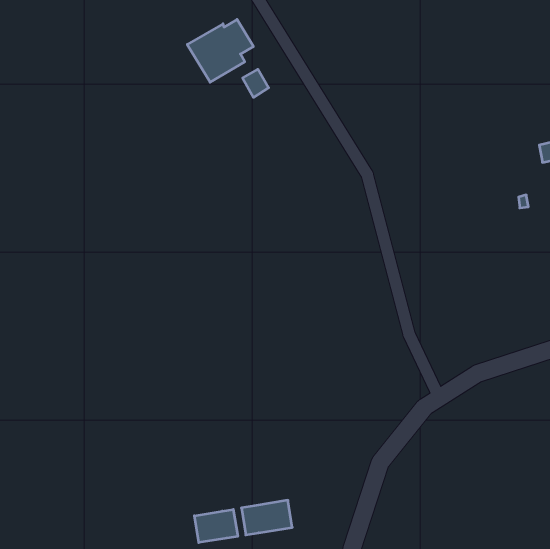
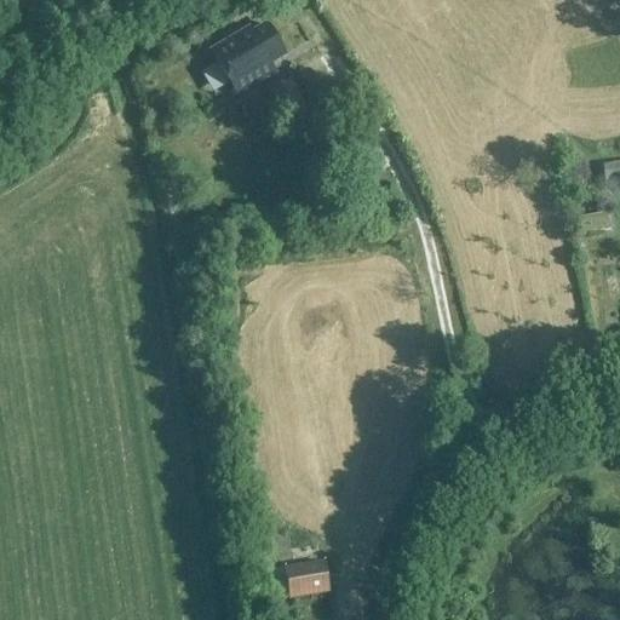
building: [194,509,238,543] -> none

